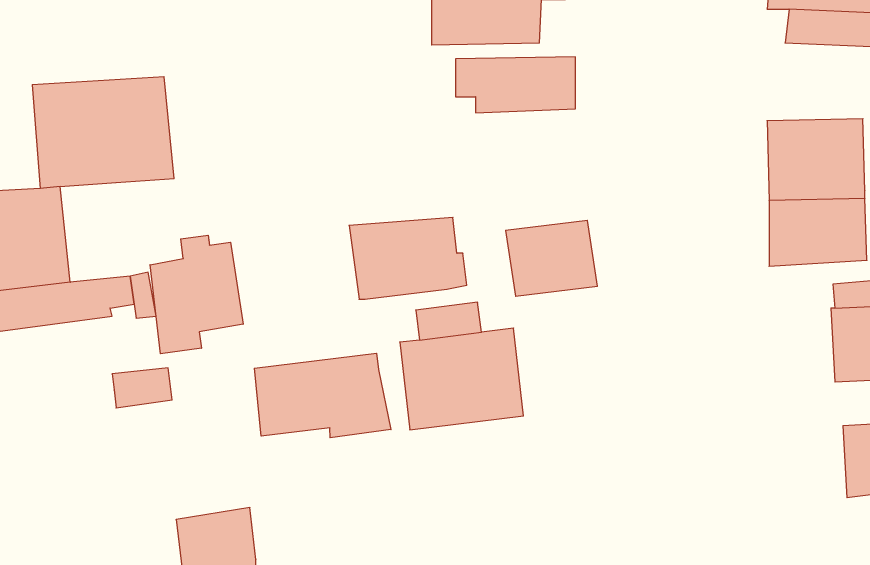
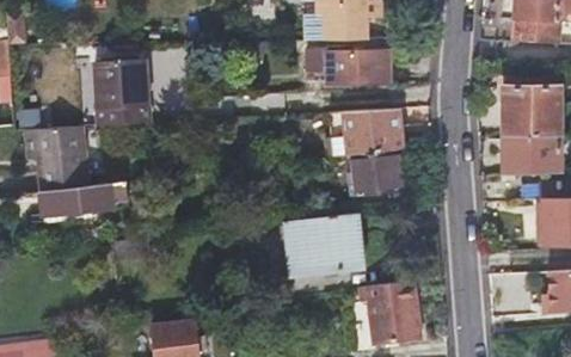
building: [349,217,467,299] -> [337,104,407,153]
building: [150,235,243,354] -> none
building: [254,353,391,438] -> none
building: none -> [360,278,422,344]

